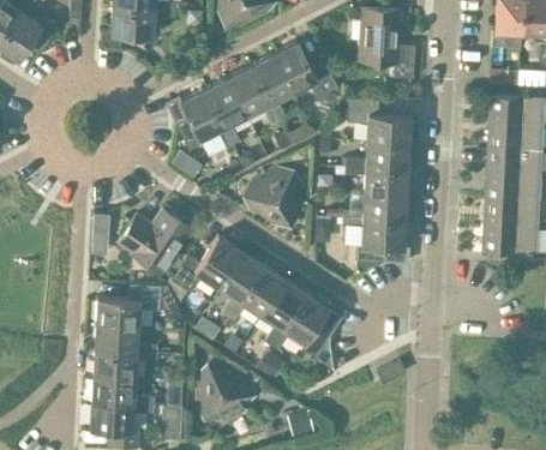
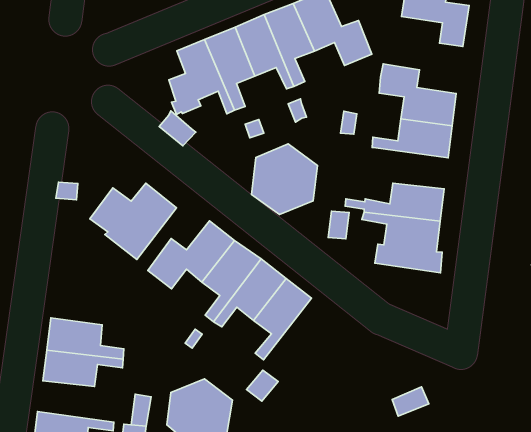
building: [346,167,408,196] -> none
building: [96,284,161,328] -> none
building: [271,293,338,356] -> none
building: [91,377,155,406] -> none

